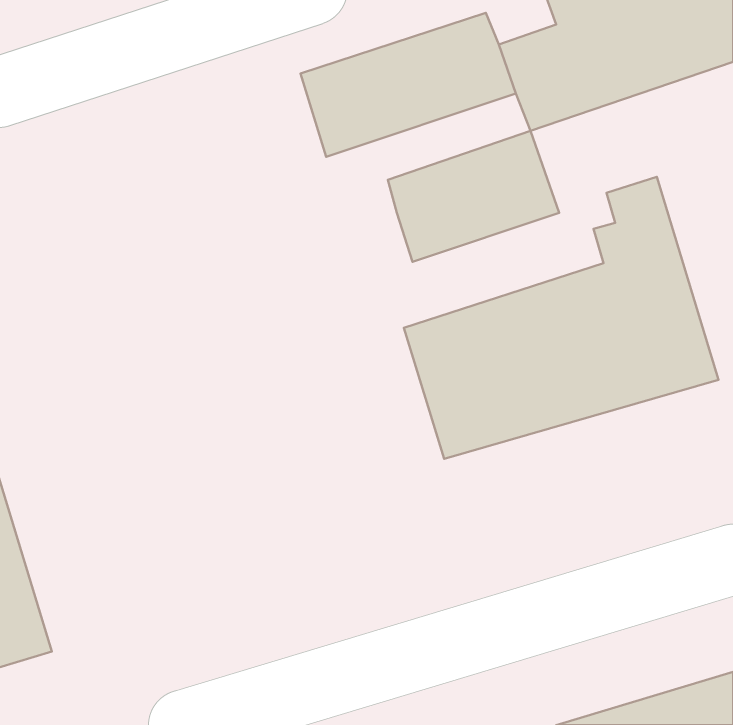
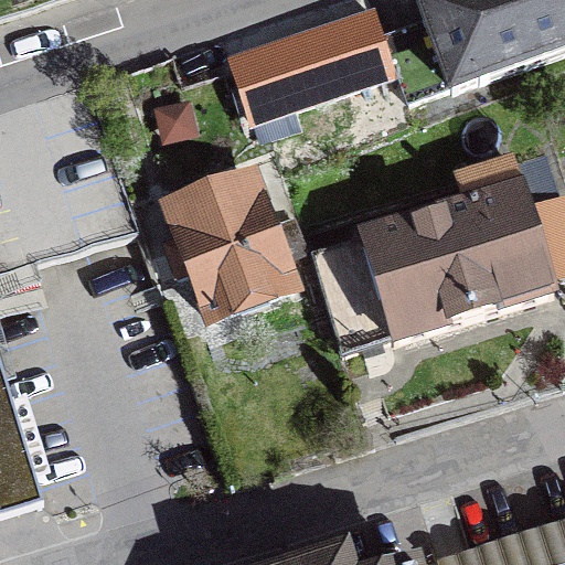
building: [388,131,559,262] -> none
building: none -> [166,177,303,317]

